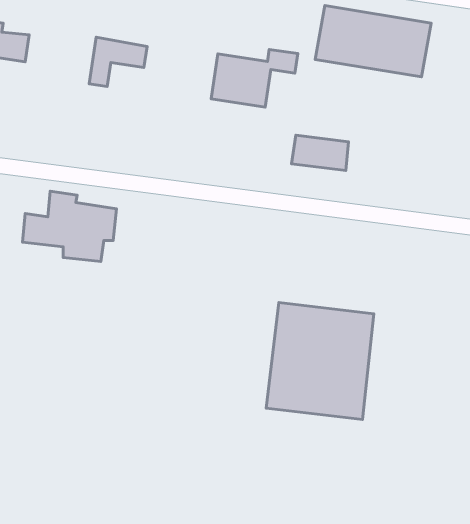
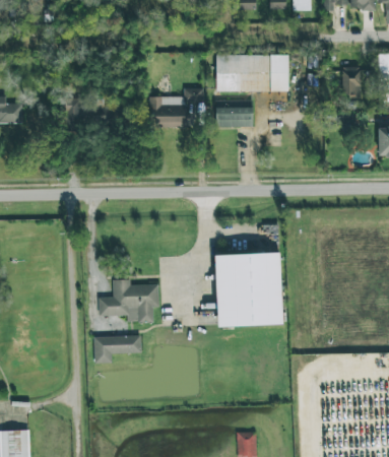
building: [292,135,349,170] -> [216,107,253,127]
building: [22,191,116,262] -> [99,279,159,322]
building: none -> [93,335,141,363]

